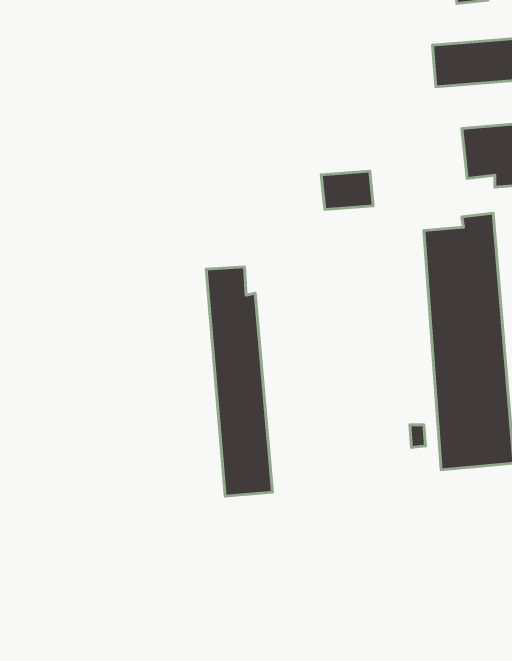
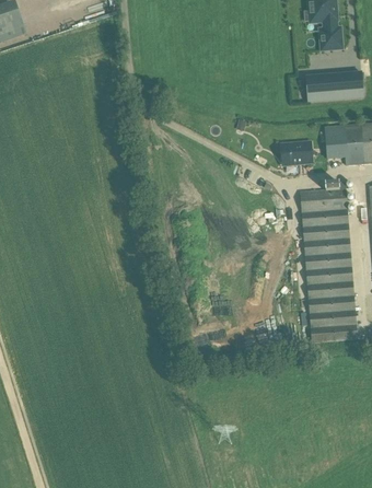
building: [321,171,373,209] -> [279,141,312,165]
building: [206,267,273,496] -> none

